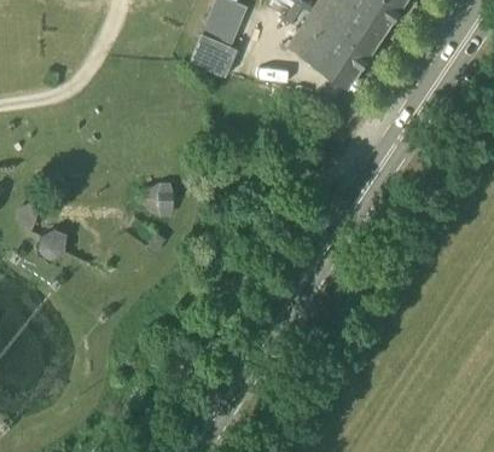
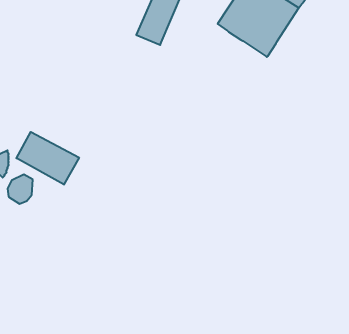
building: none -> [16,132,79,185]
building: [144,182,174,216] -> none

